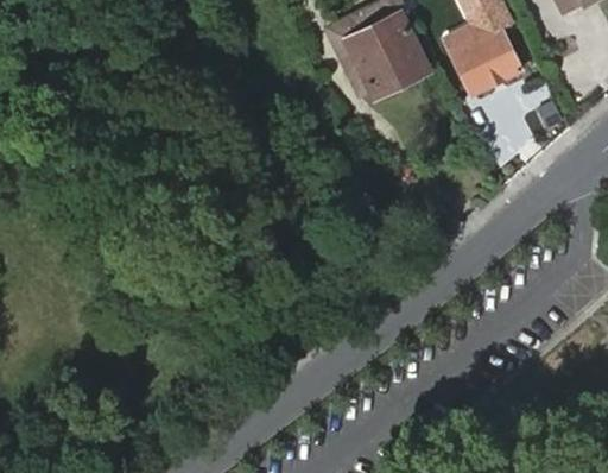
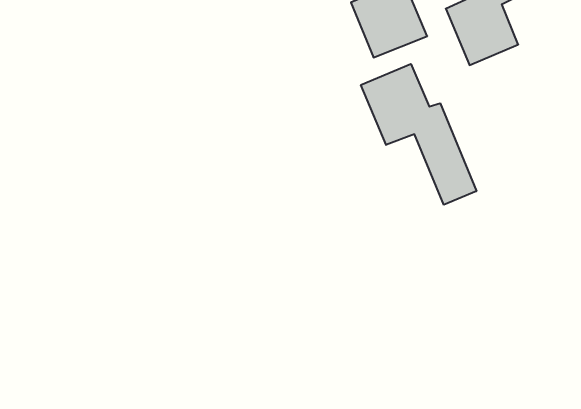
building: none -> [361,64,476,205]

